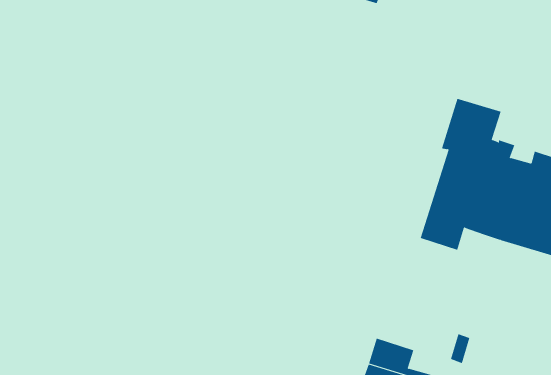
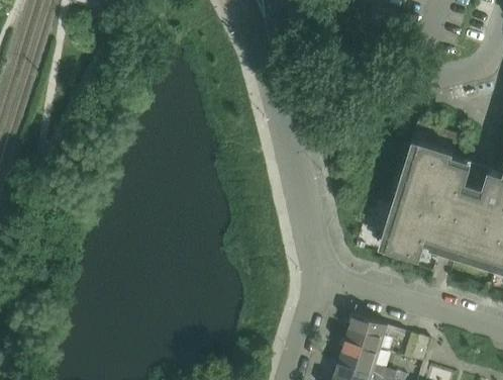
building: none -> [343,319,391,355]

